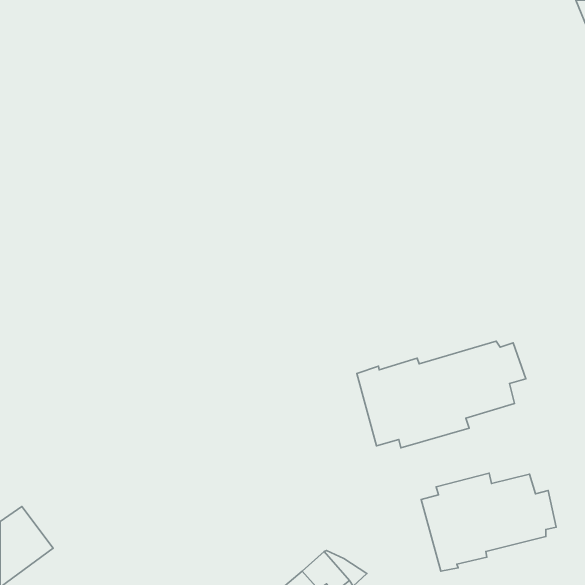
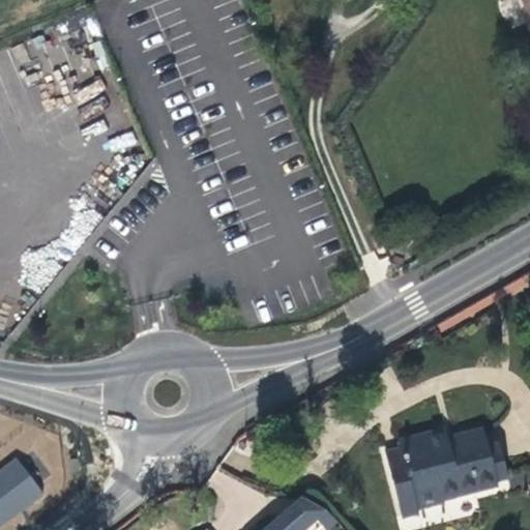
building: [357,341,526,448] -> none

